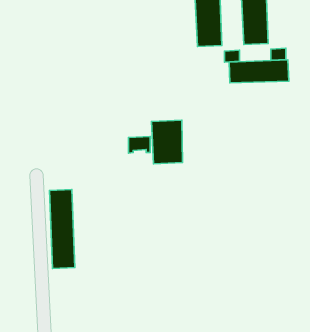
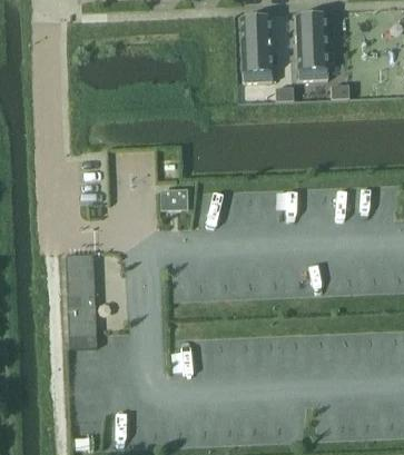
building: [229,60,289,83] -> none
building: [151,120,183,164] -> none

